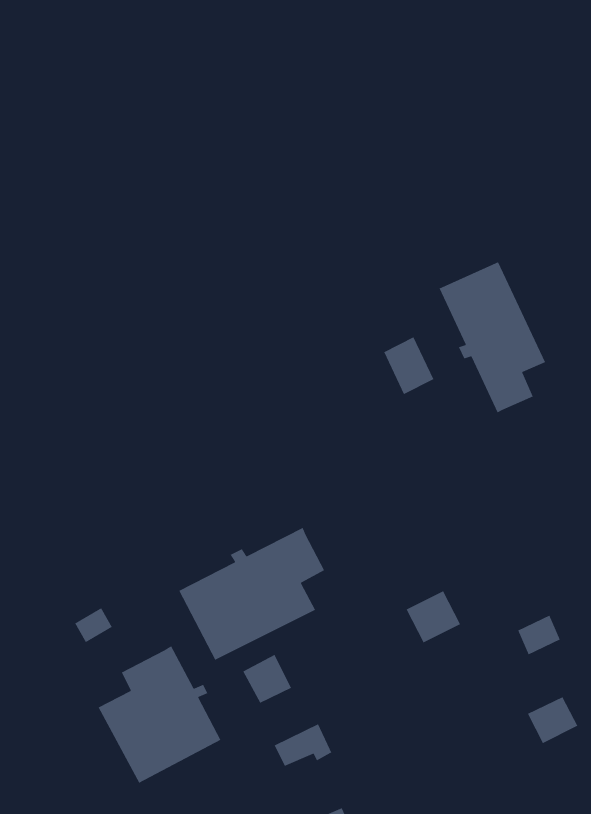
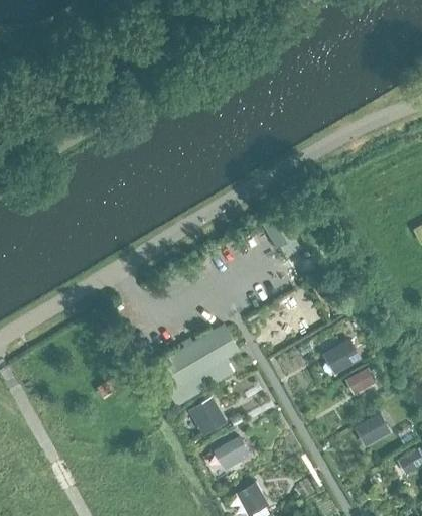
building: [439,261,546,414] -> none
building: [406,590,461,644] -> [328,340,361,371]
building: [98,645,222,784] -> none

